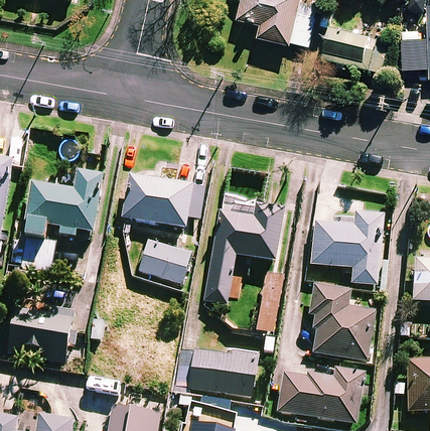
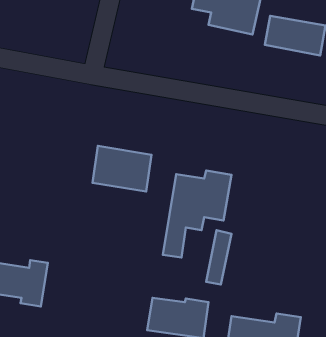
building: [22,171,101,238] -> none
building: [310,212,383,286] -> none
building: [137,240,189,282] -> none
building: [308,285,374,361] -> none

